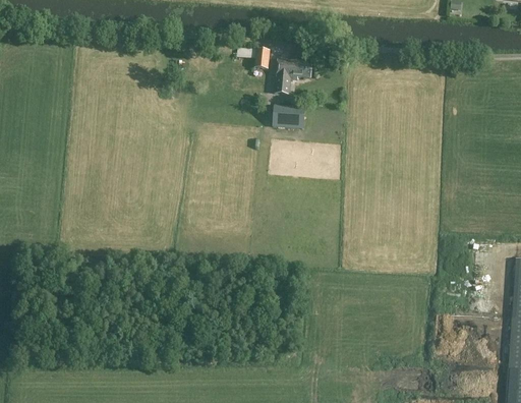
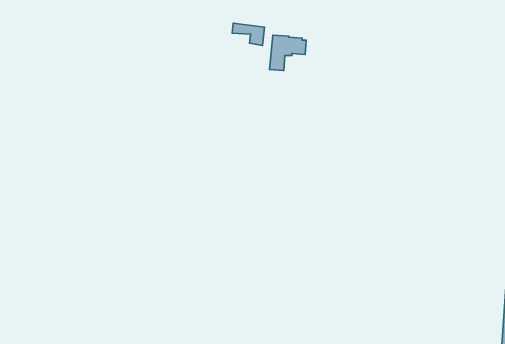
building: [278,104,309,128] -> none

